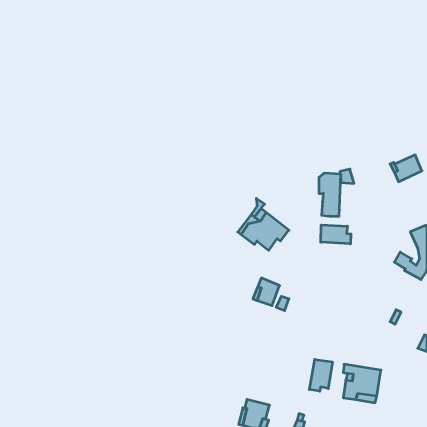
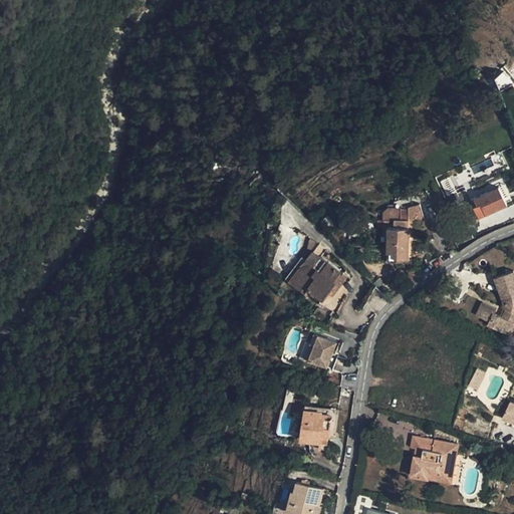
building: [321,225,351,244] -> none
building: none -> [299,410,331,445]
building: [309,359,332,391] -> none

